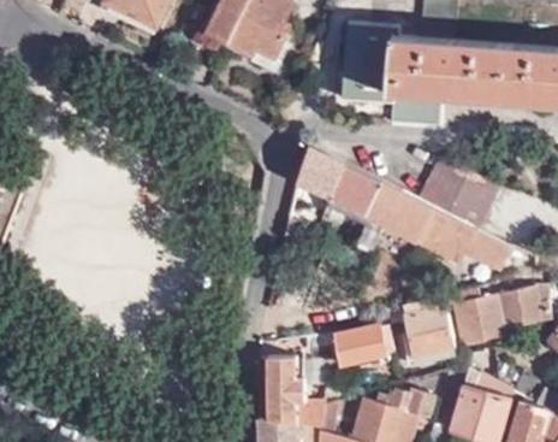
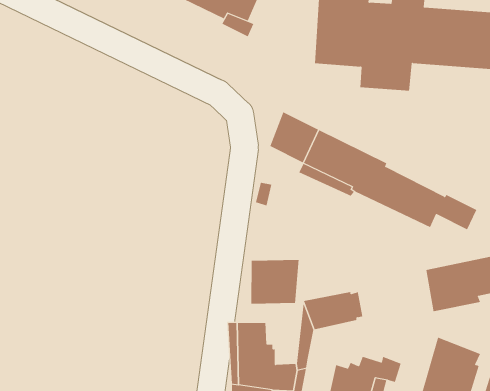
building: [420,160,494,229] -> none
building: none -> [251,259,299,304]
building: [404,299,452,356] -> none

